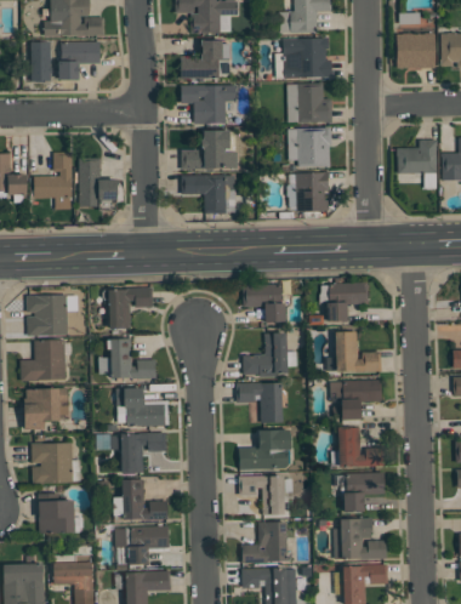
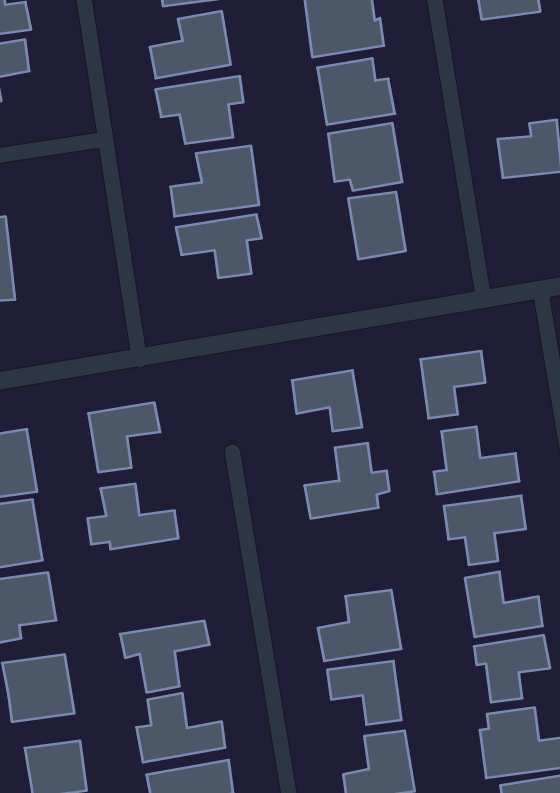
building: [78,160,120,206] -> none
building: [235,382,281,422] -> none
building: [116,387,166,426] -> none

